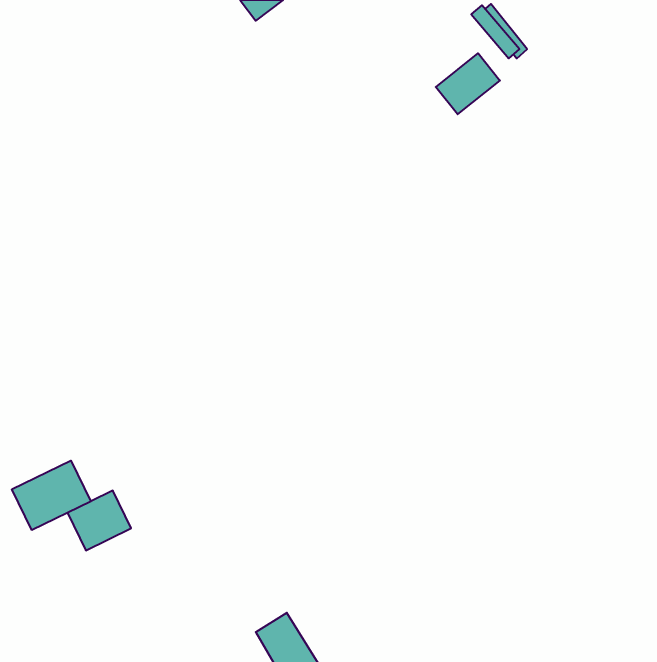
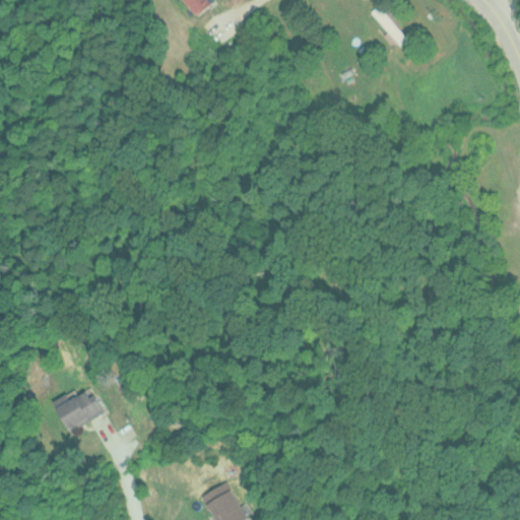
building: [436,53,500,114] -> none
building: [12,461,91,530] -> none

